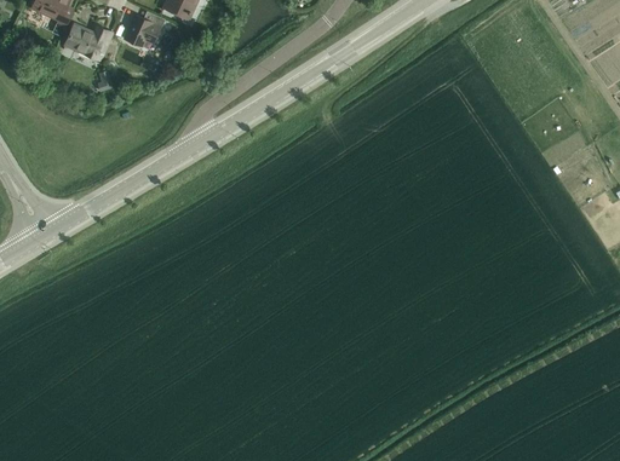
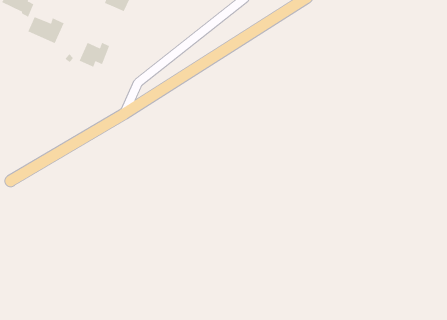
building: [122,13,162,46] -> [79,42,110,68]

